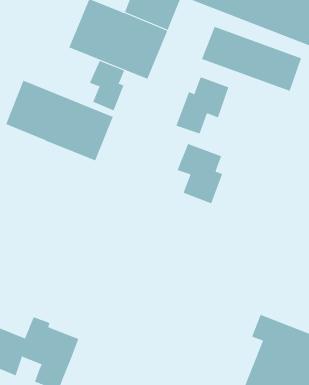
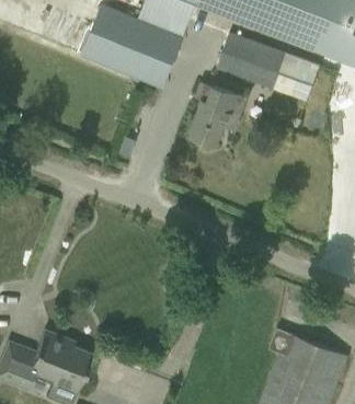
building: [89,60,125,111] -> none
building: [6,80,113,161] -> none
building: [177,143,223,204] -> none

